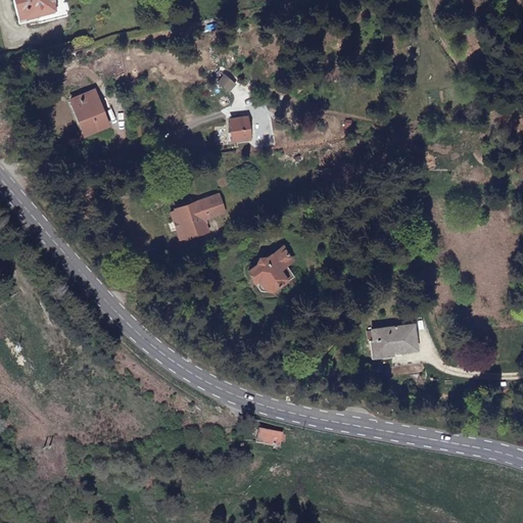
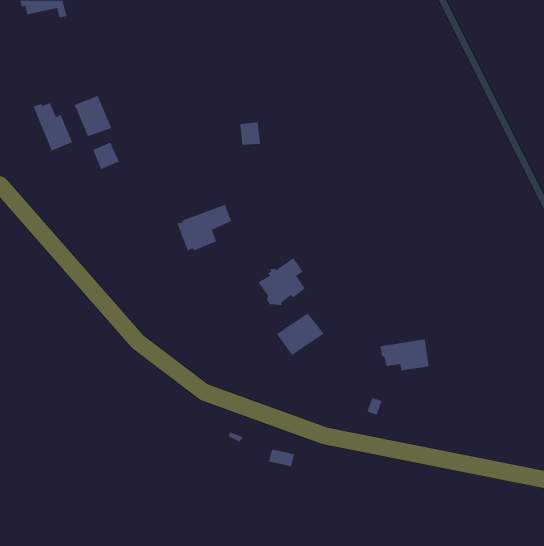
building: none -> [33,103,73,151]
building: none -> [92,142,120,170]
building: none -> [276,313,324,356]

